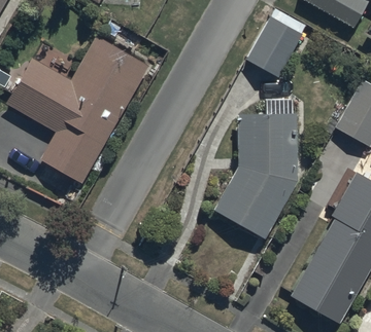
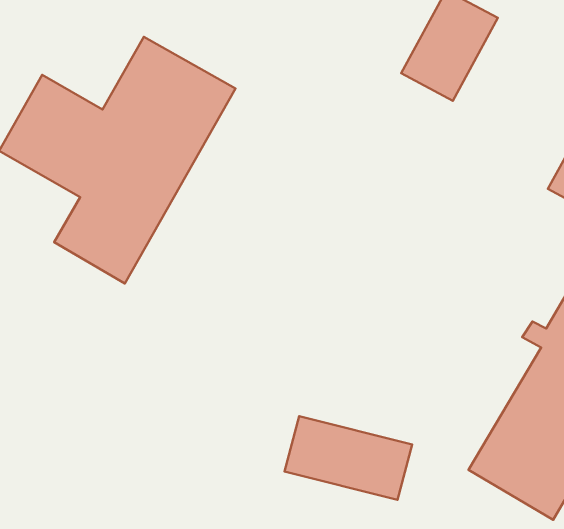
building: [212,96,297,239] -> none
building: none -> [285,416,412,500]

